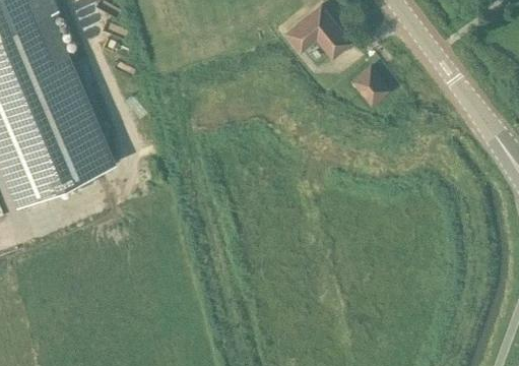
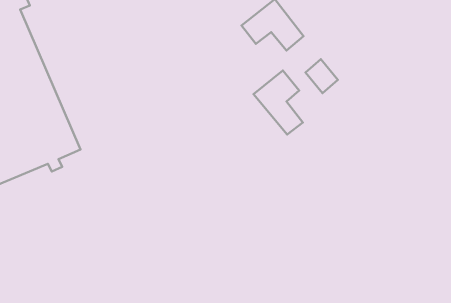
building: none -> [254,70,303,134]

